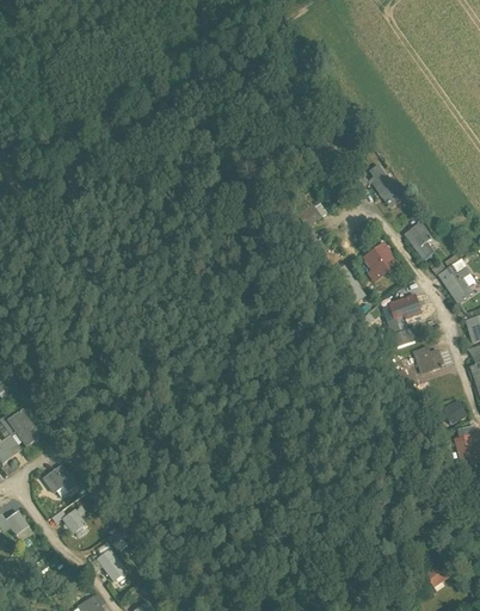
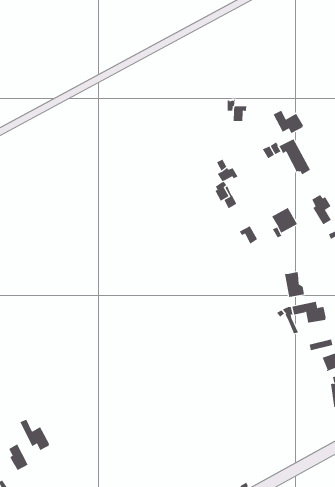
building: none -> [273,110,305,134]
building: [387,295,420,319] -> none
building: none -> [20,419,51,451]

